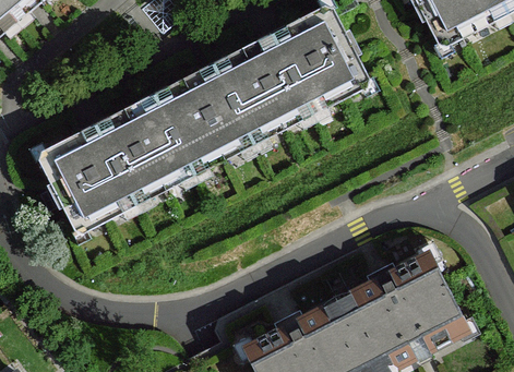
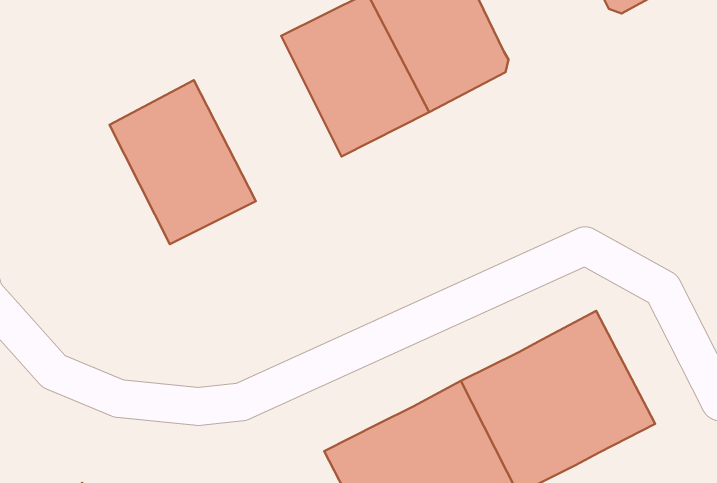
building: [153,62,254,176] -> none
building: [38,123,136,232] -> none

